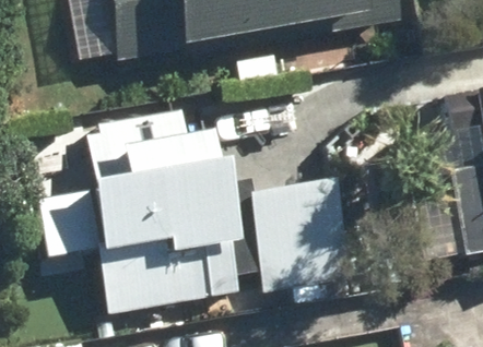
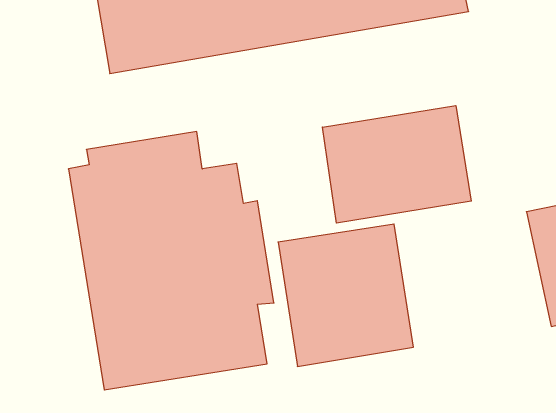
building: none -> [322,106,471,223]

